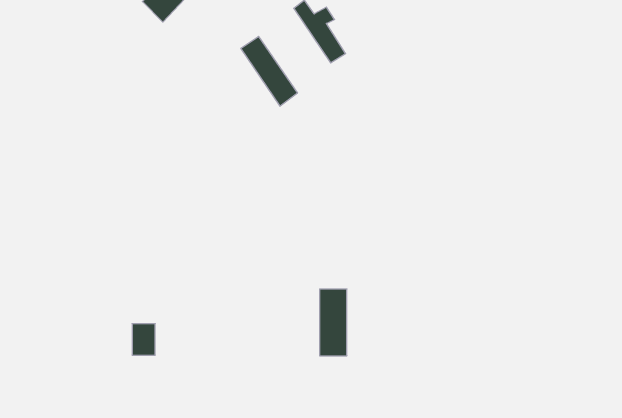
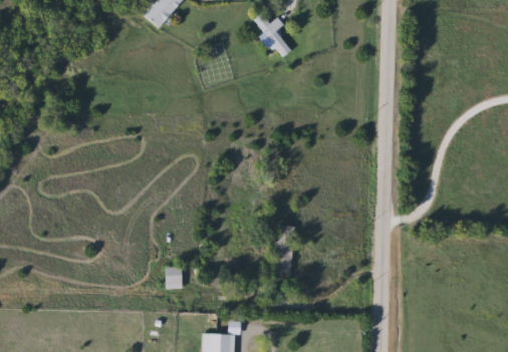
building: [241,36,297,106] -> none
building: [132,324,155,355] -> [165,266,182,289]

